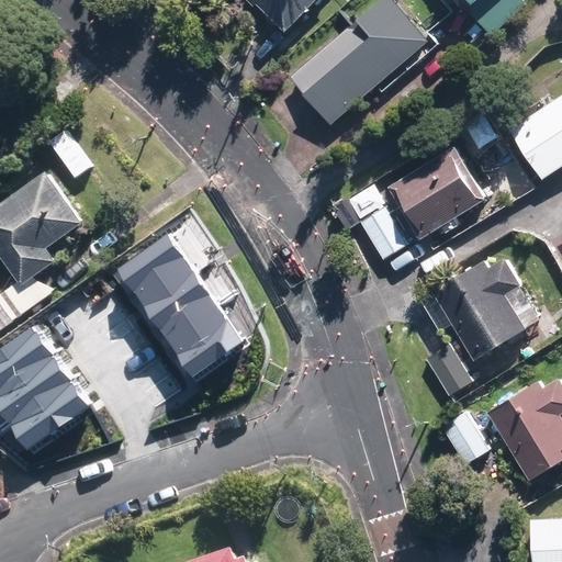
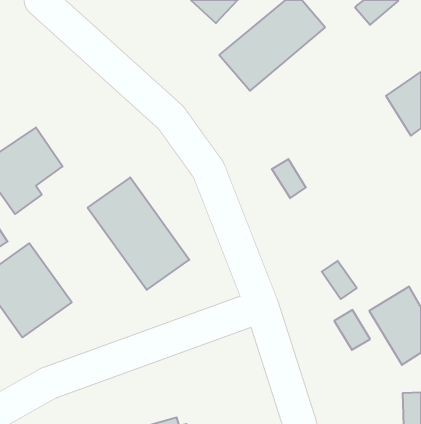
building: [385,145,485,238] -> none
building: [422,251,542,361] -> none

